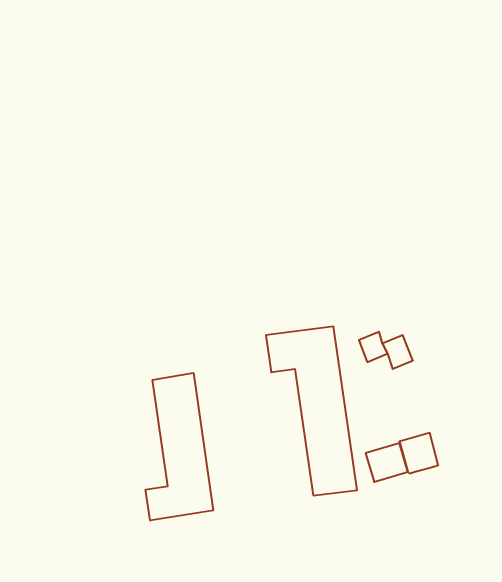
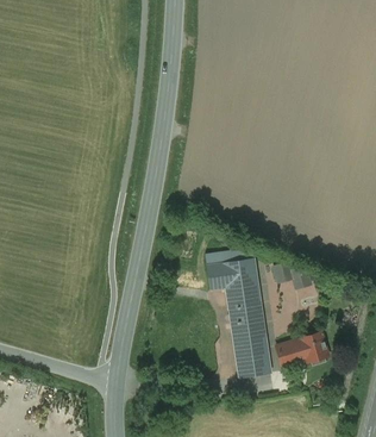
building: [146,373,213,521] -> none

